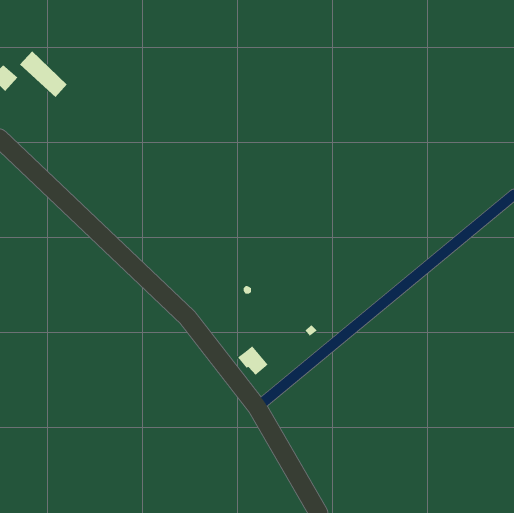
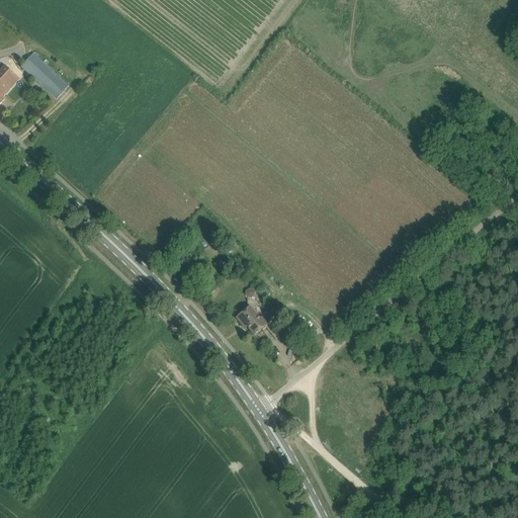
building: [237,345,268,376] -> [235,304,266,334]

